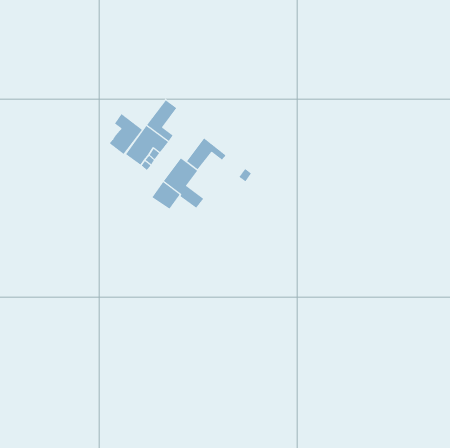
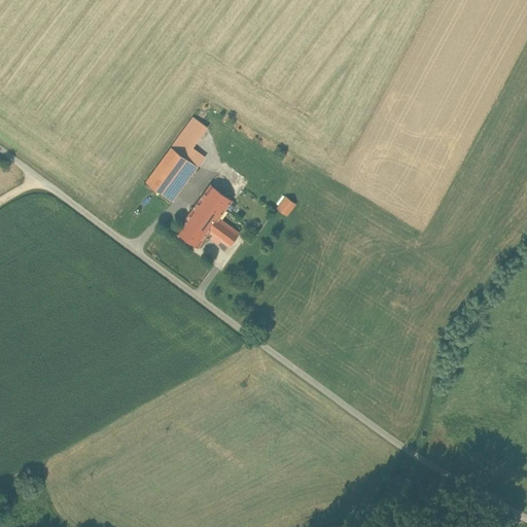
building: [109,113,143,155] -> none
building: [186,138,226,170] -> none

